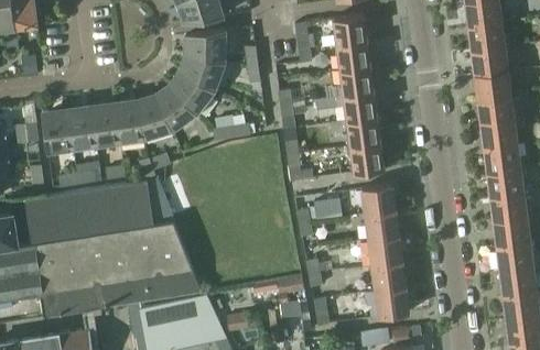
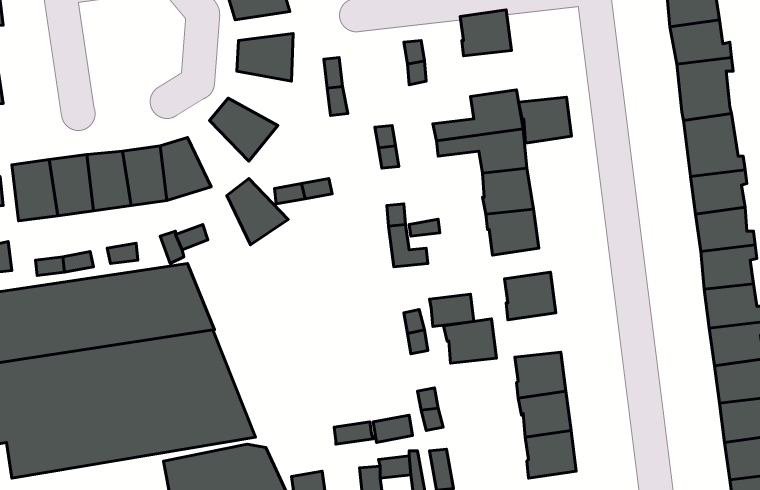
building: [335,42,369,72] -> [519,97,572,143]
building: [183,55,224,90] -> none
building: [156,87,196,130] -> [227,179,288,245]
building: [364,211,398,240] -> [444,319,496,363]

